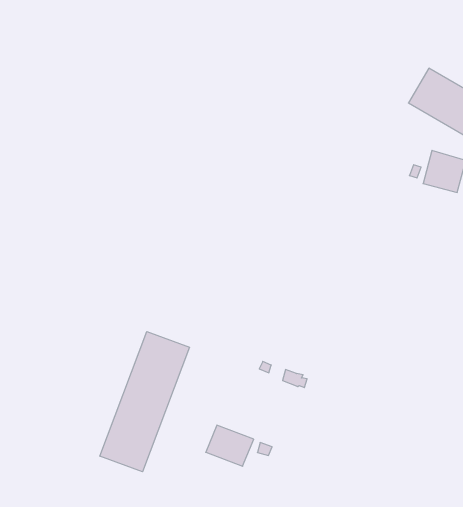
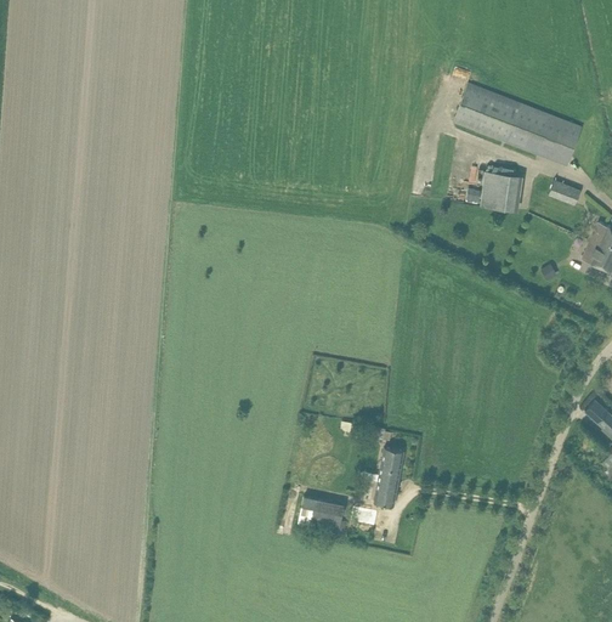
building: [100,332,189,472] -> none
building: none -> [375,447,404,505]

